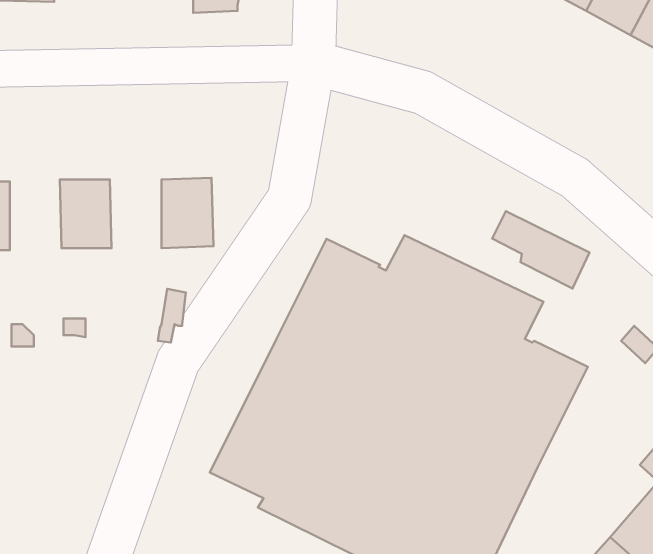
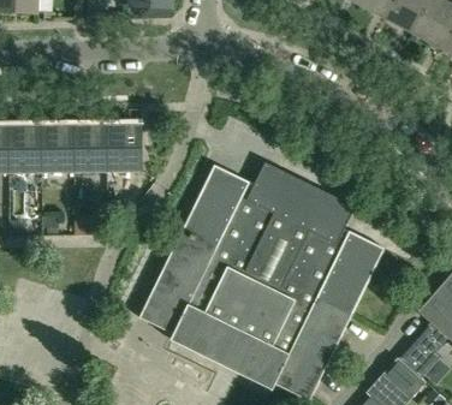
building: none -> [8,126,42,172]
building: none -> [73,126,107,171]
building: [492,211,589,289] -> none

